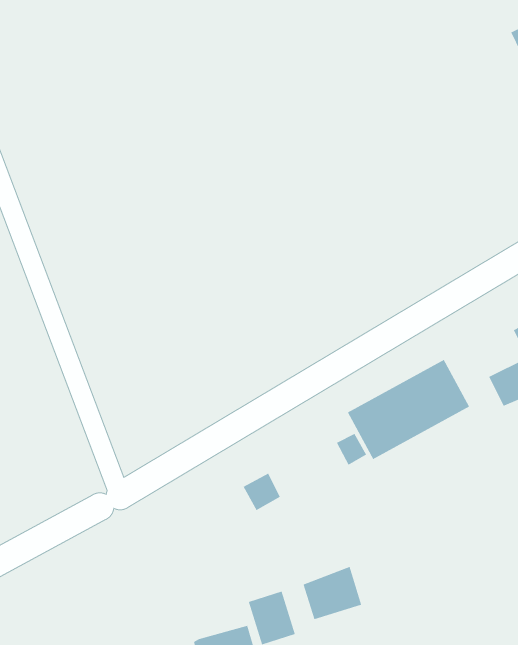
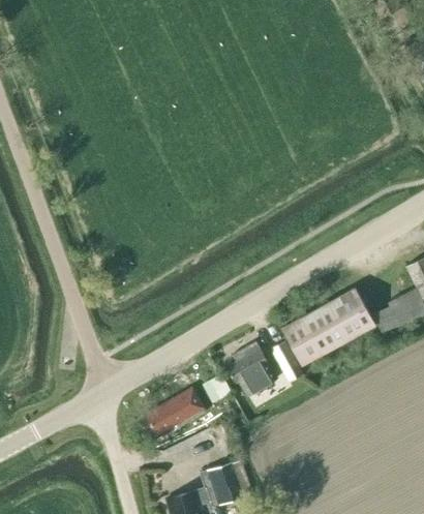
building: none -> [226,342,277,396]
building: none -> [147,388,207,436]
building: [303,566,362,620] -> none

